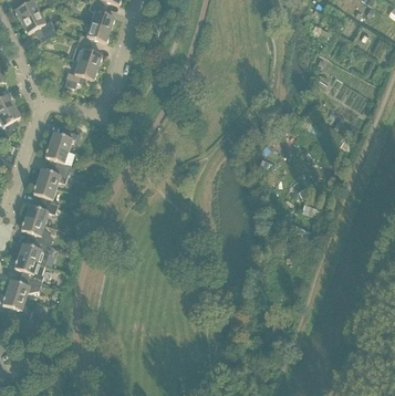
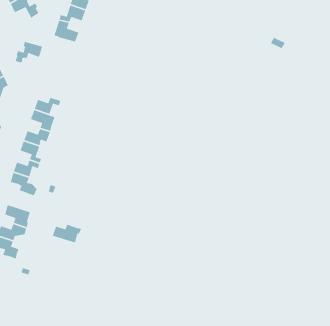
building: [64,59,97,85] -> [15,41,43,63]
building: [18,239,53,262] -> [52,224,82,244]

